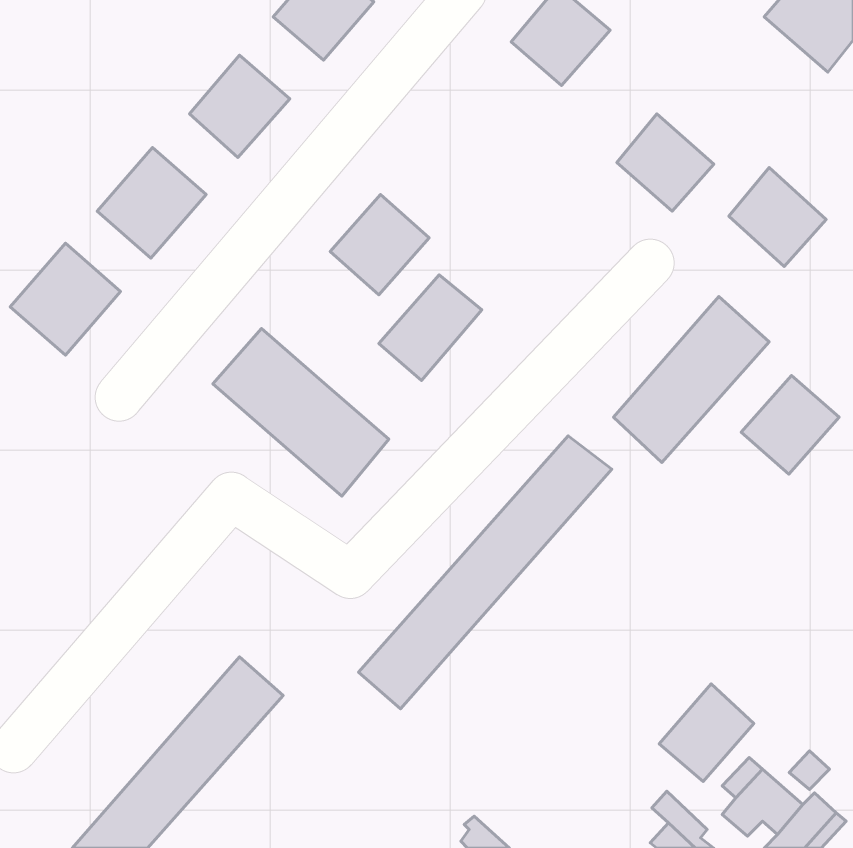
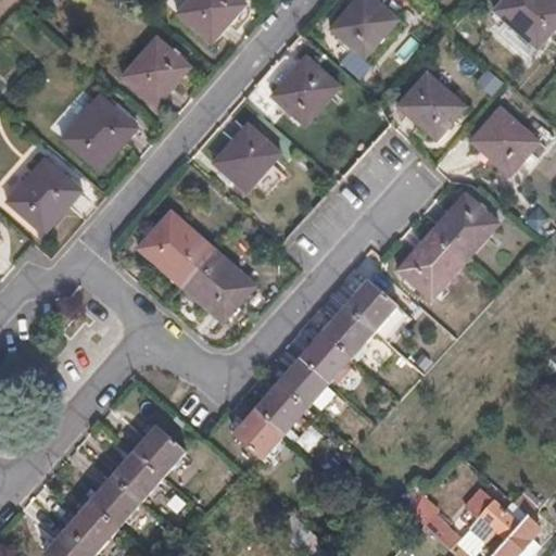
building: none -> [273,58,338,124]
building: [379,275,482,380] -> none
building: [741,375,839,474] -> none
building: [659,684,754,782] -> none

